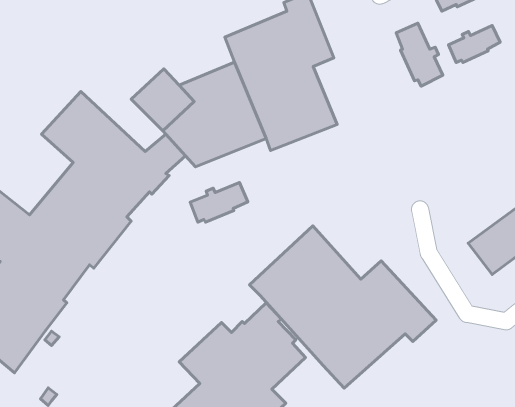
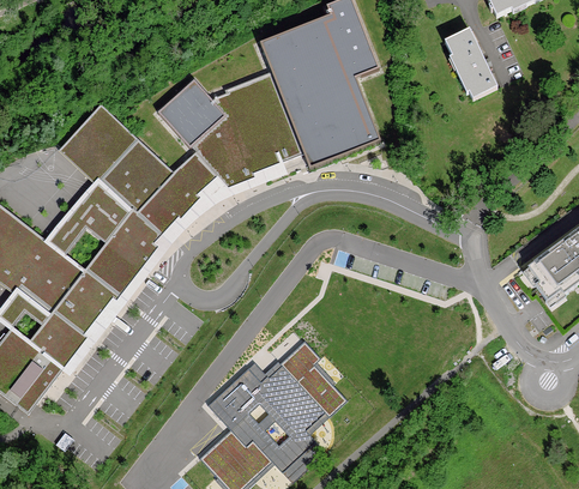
building: [448,25,500,63] -> none
building: [190,183,248,222] -> none
building: [249,226,436,388] -> none

